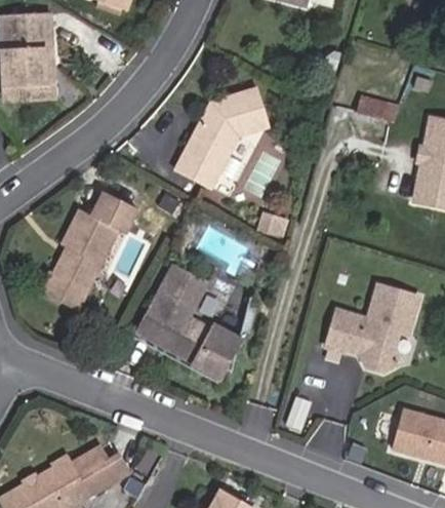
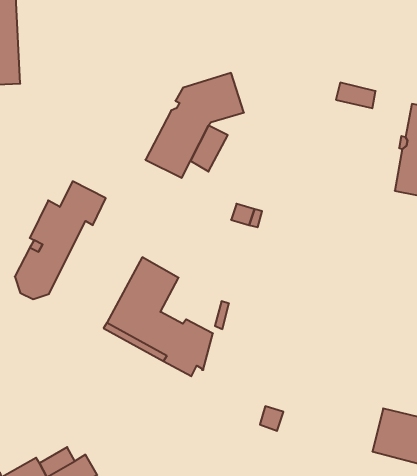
building: [326,285,419,372] -> none

